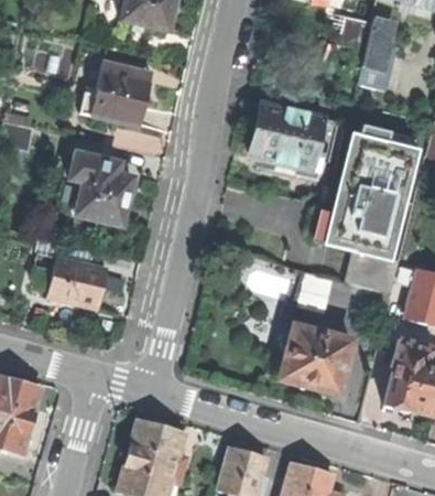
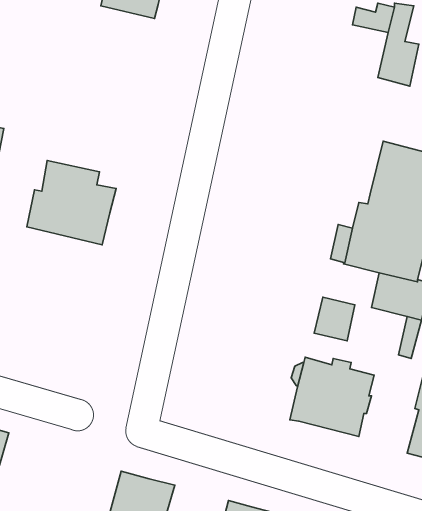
building: [79,62,149,126] -> none
building: [251,105,335,181] -> none
building: [48,258,107,310] -> none

